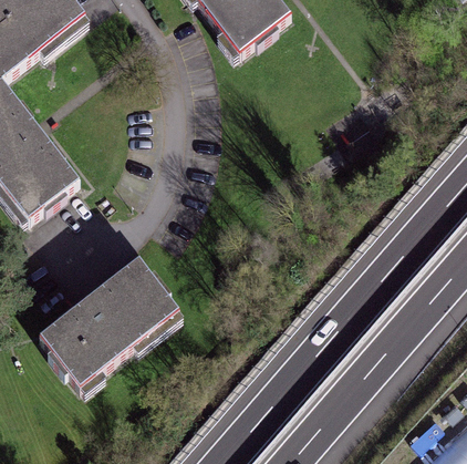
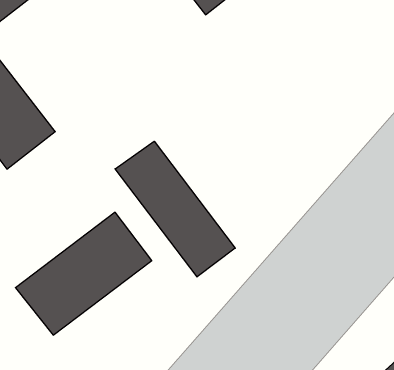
building: none -> [115,141,235,277]

